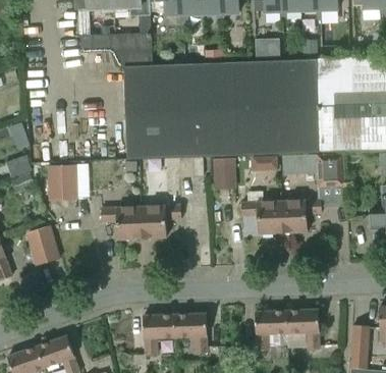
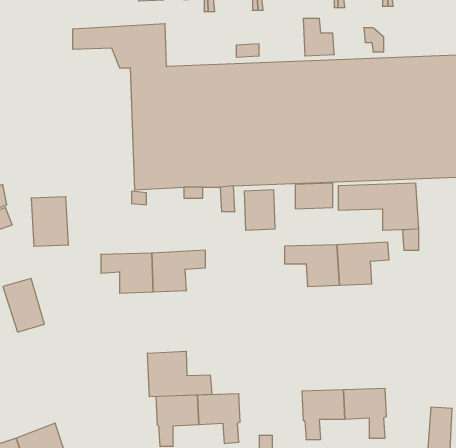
building: none -> [147,351,212,397]

